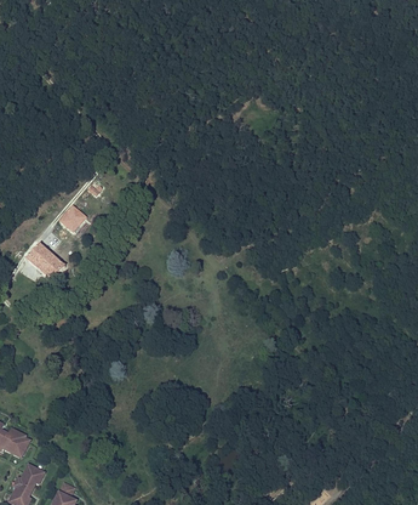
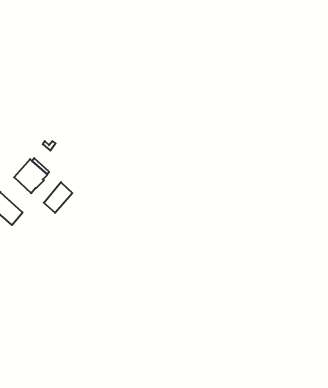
building: none -> [44,182,72,213]

